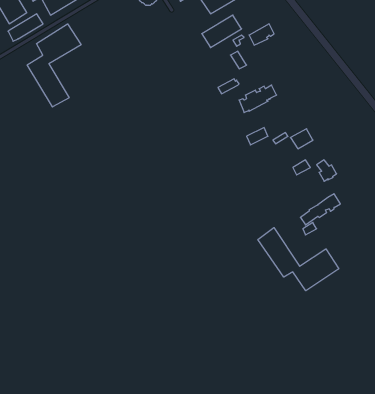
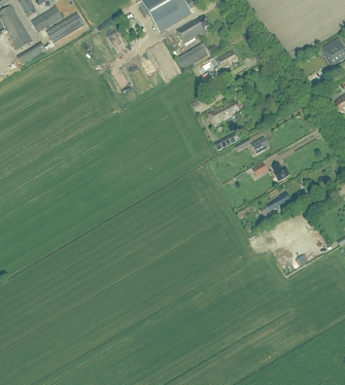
building: [27,24,81,107] -> none
building: [258,228,339,291] -> none

